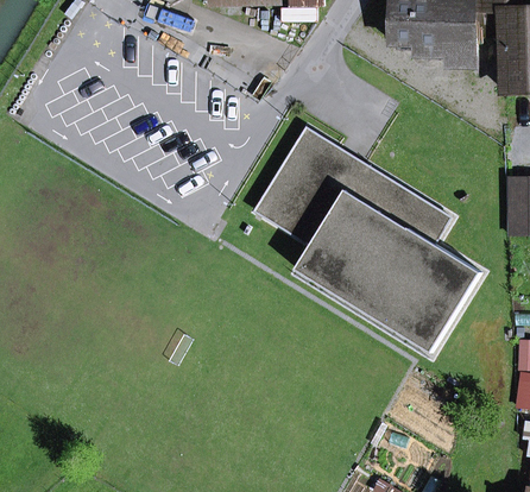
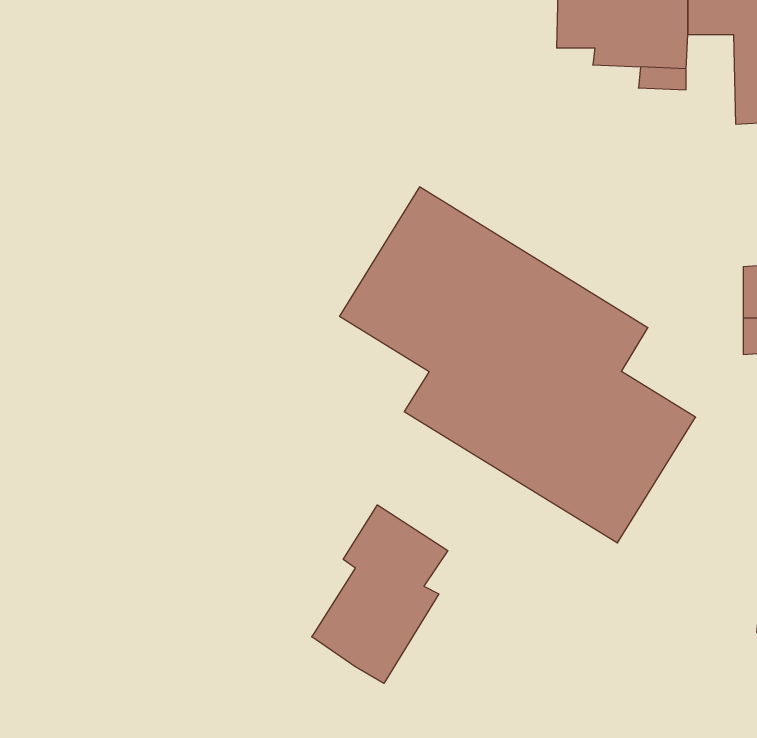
building: none -> [312,505,448,683]

